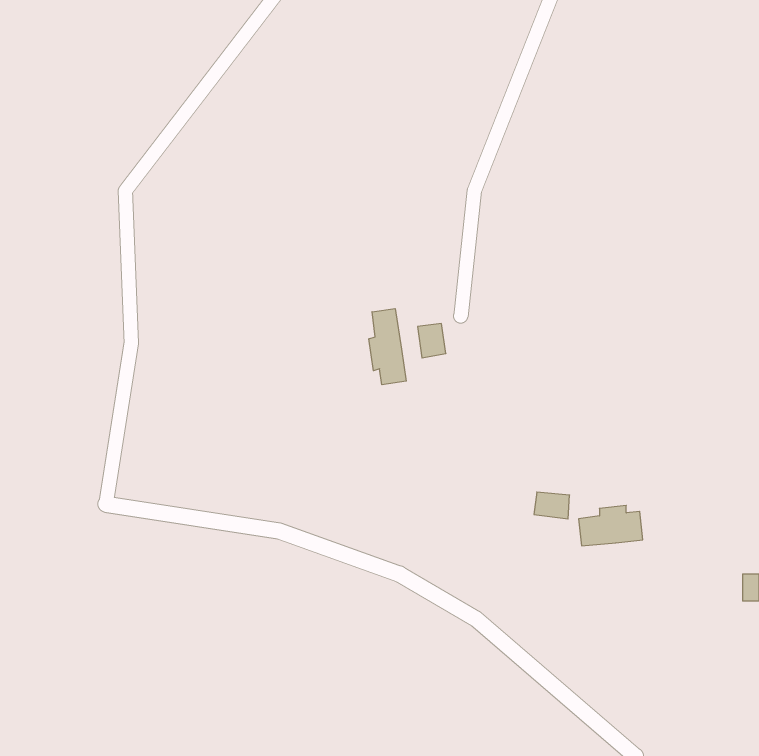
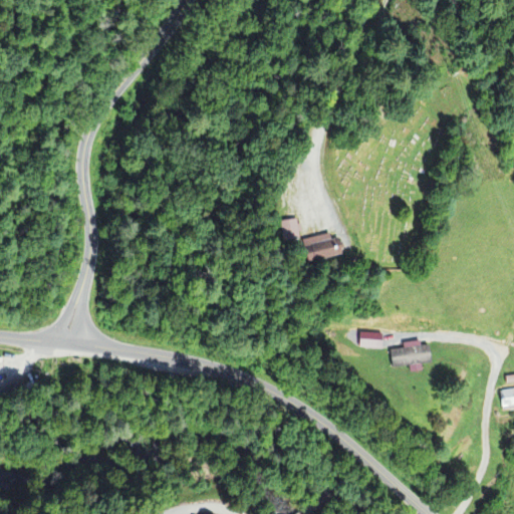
building: [369,309,406,385] -> none
building: none -> [303,231,338,263]

